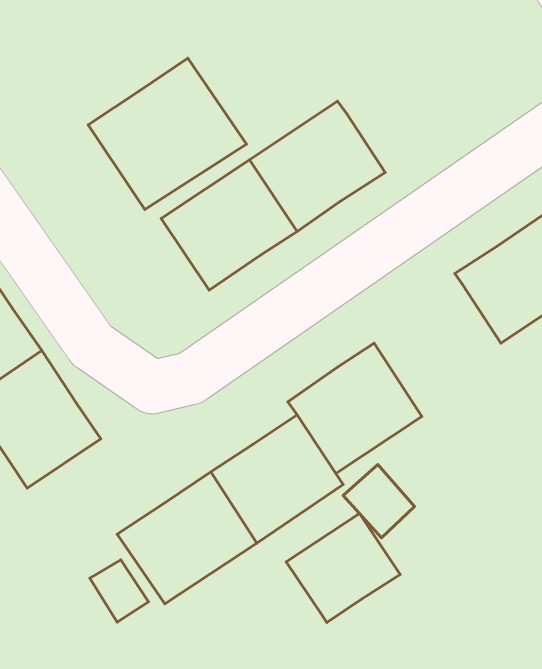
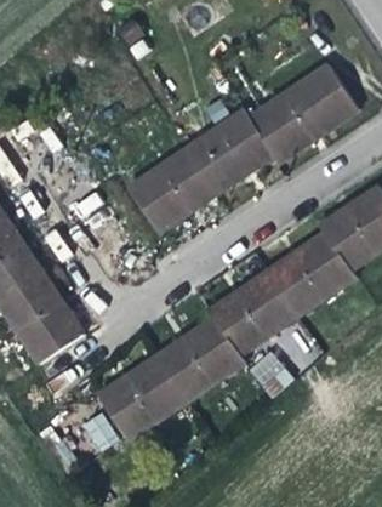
building: none -> [247,63,359,163]
building: [88,58,247,210] -> none
building: none -> [266,229,357,317]
building: [286,514,400,623] -> none

